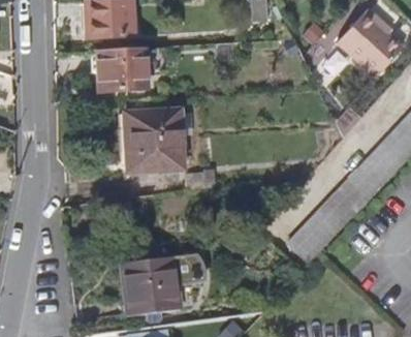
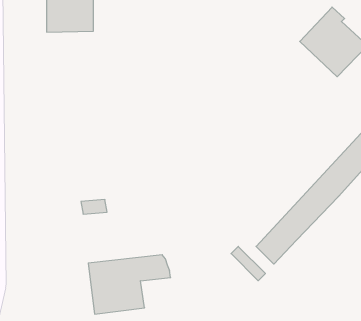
building: [95,45,146,86] -> none
building: [123,109,179,167] -> none

